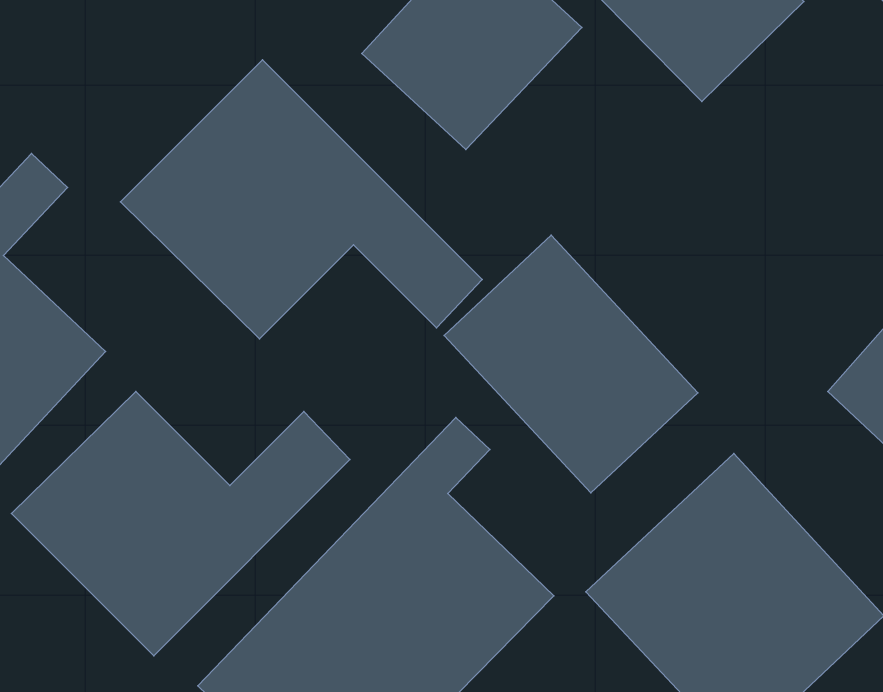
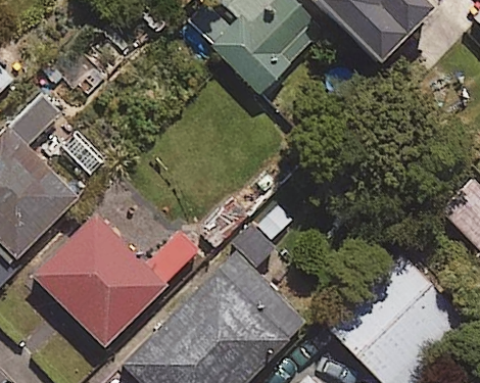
building: [121,60,482,339] -> none
building: [444,235,698,493] -> none

